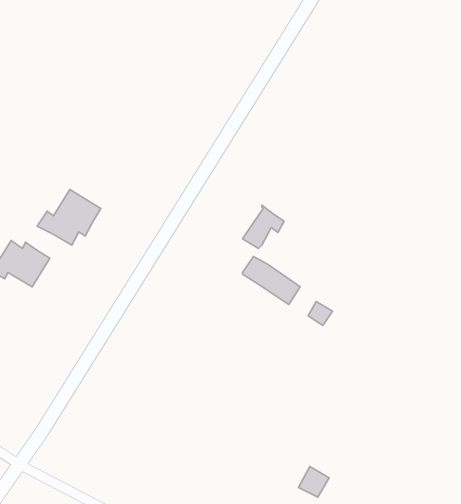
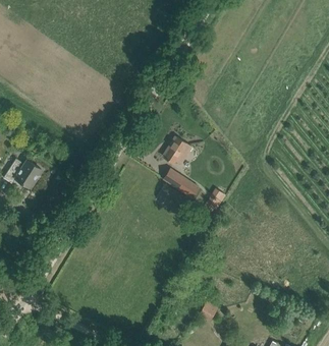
building: [37,190,101,245] -> none

